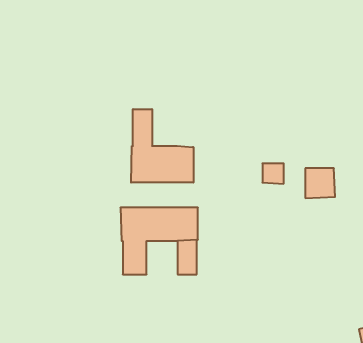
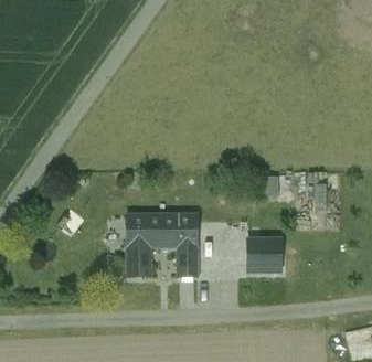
building: [131,109,193,183] -> none
building: none -> [249,237,286,272]

